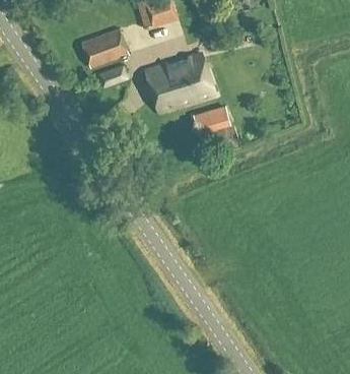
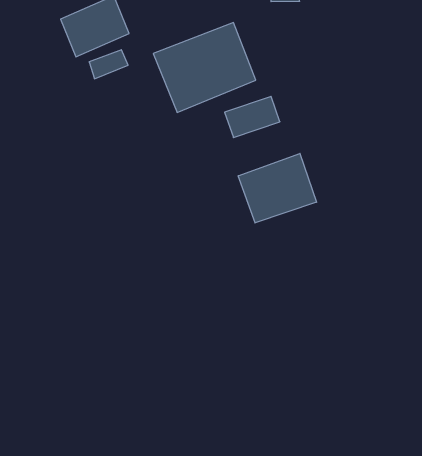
building: none -> [238,153,317,223]

